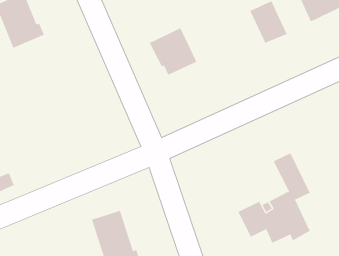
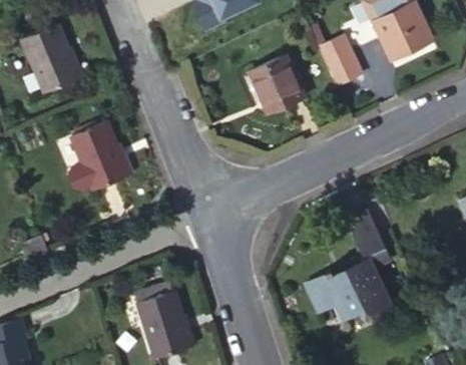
building: [149,27,197,75] -> [250,56,306,112]
building: none -> [67,122,131,190]

